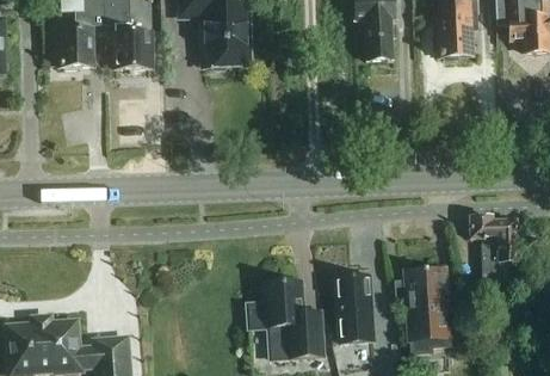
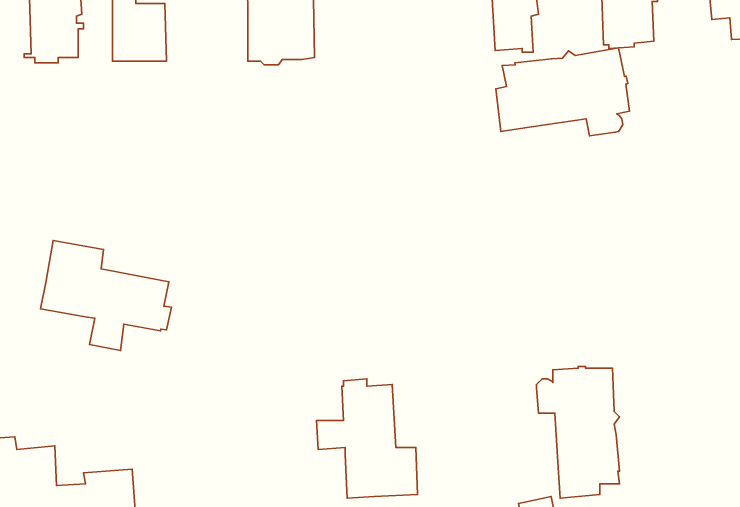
building: none -> [496,48,630,136]
building: none -> [41,241,171,350]
building: [469,215,518,281] -> none
building: [336,273,373,343] -> none

